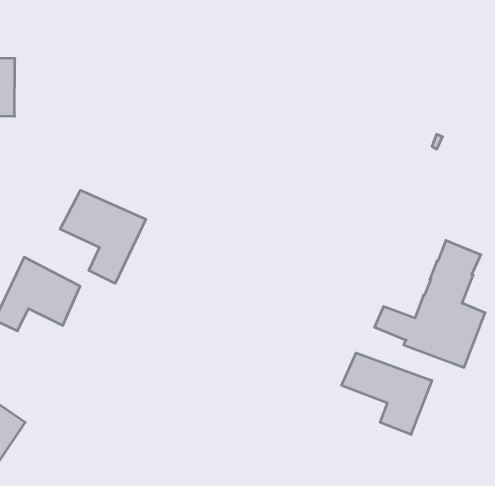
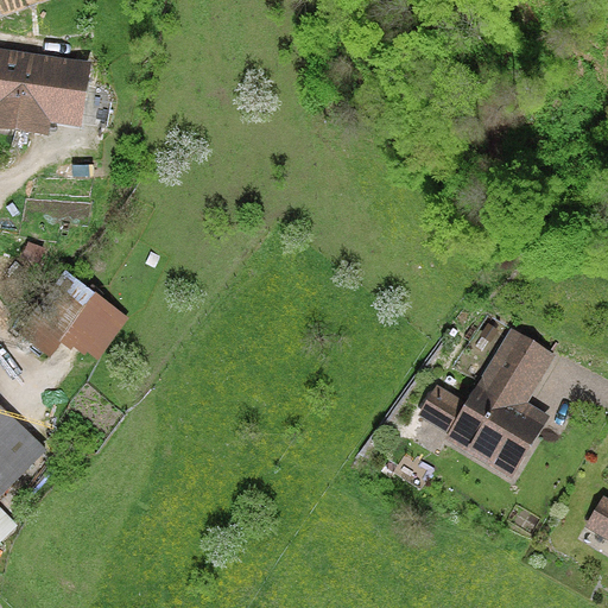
building: [60,190,146,283] -> none
building: [342,353,432,435] -> none

